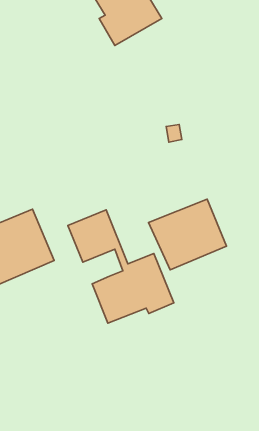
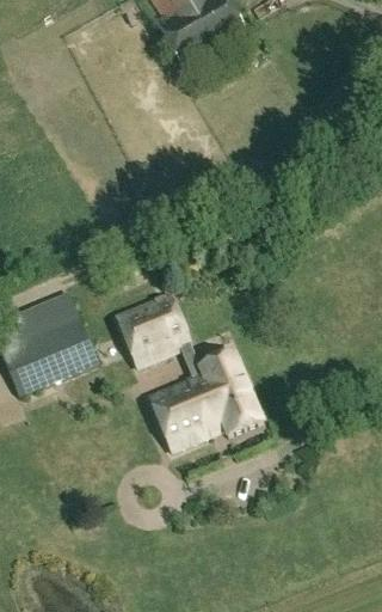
building: [148,199,226,270] -> none

